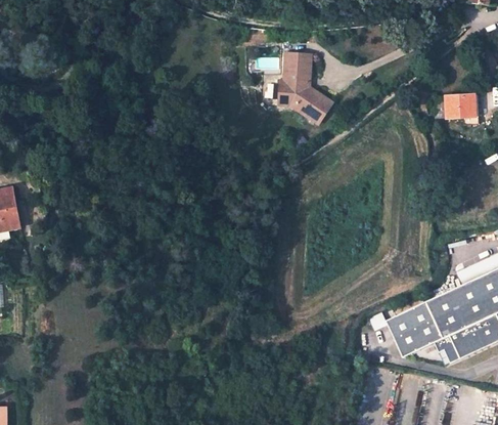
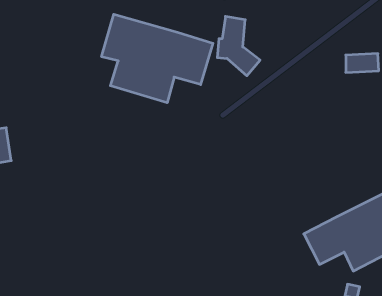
building: none -> [102,14,213,103]

